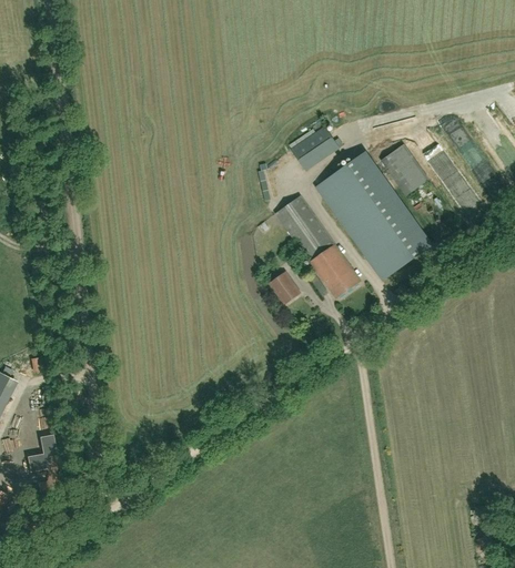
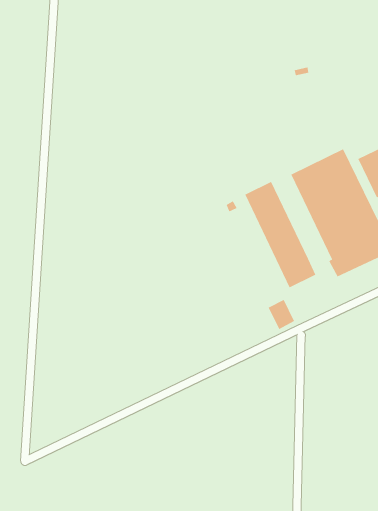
building: [291,126,339,171] -> none
building: [270,273,299,304] -> [268,299,295,330]

